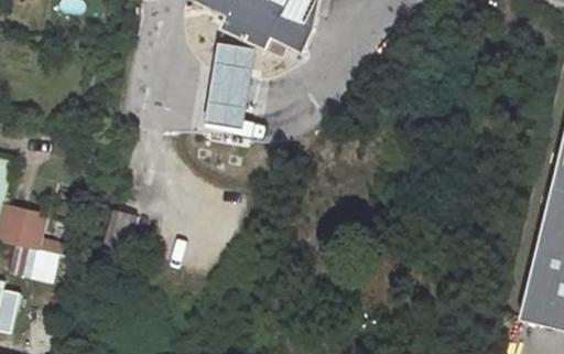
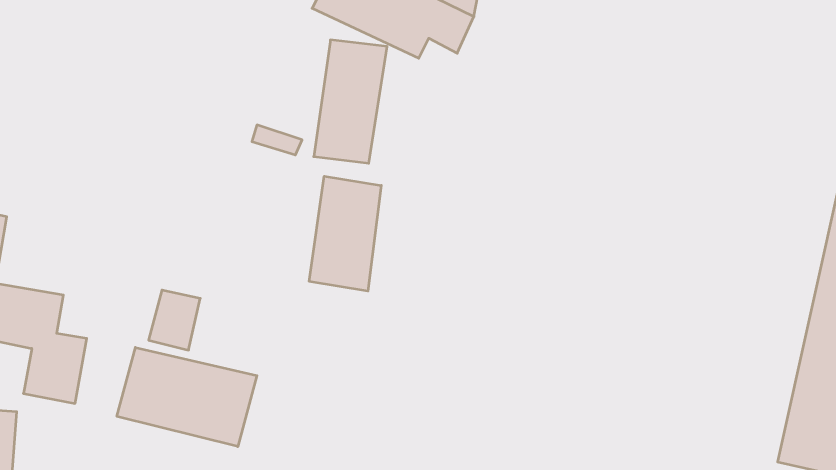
building: none -> [309,176,381,291]
building: none -> [117,347,257,447]

